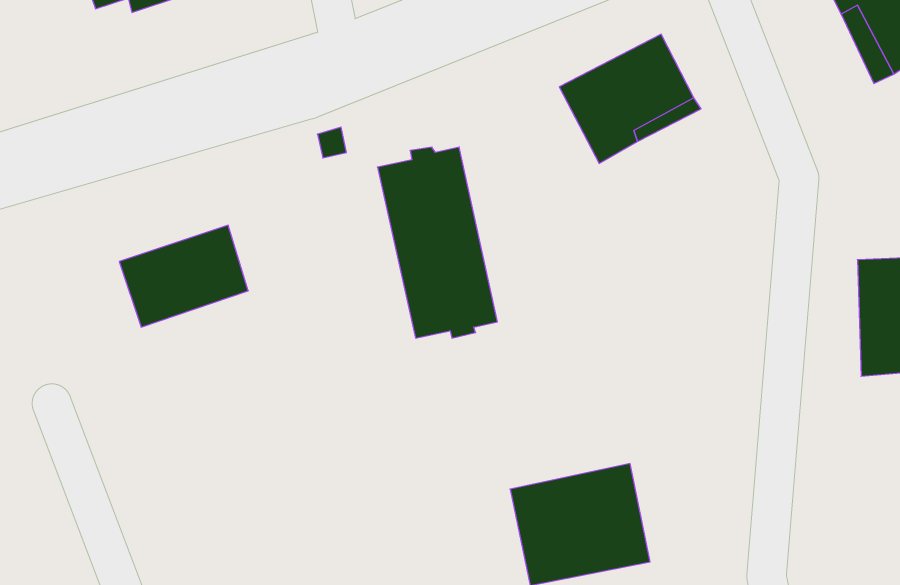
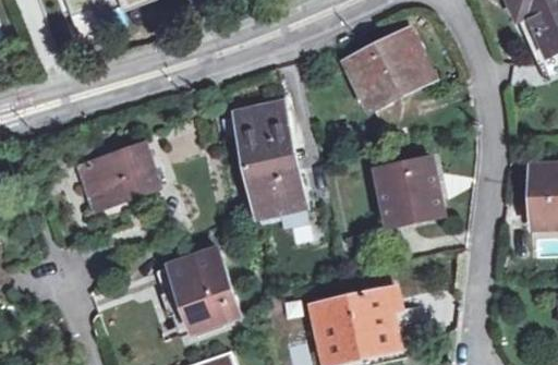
building: none -> [379,158,445,222]
building: none -> [169,247,235,331]

